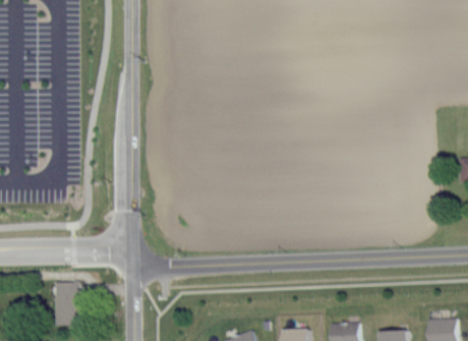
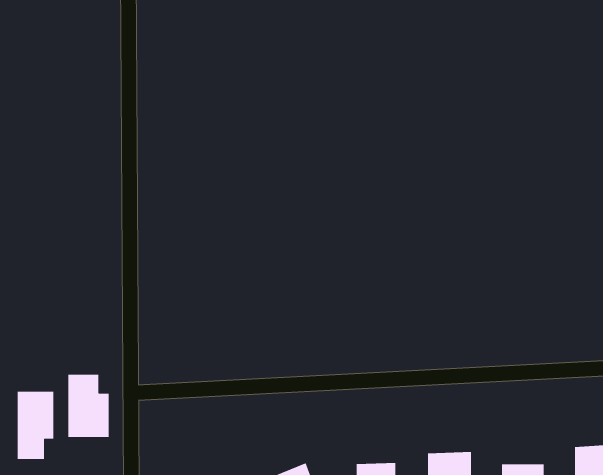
building: none -> [68,374,109,438]

